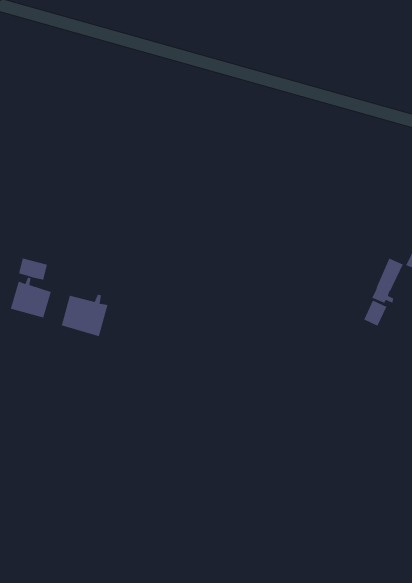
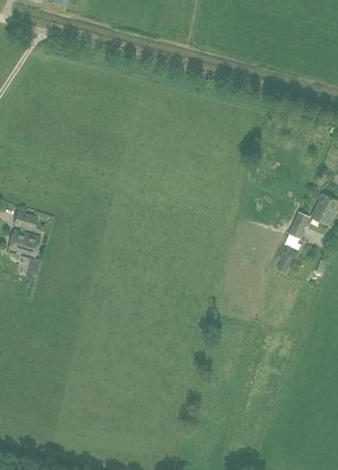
building: [61,294,109,337] -> none

